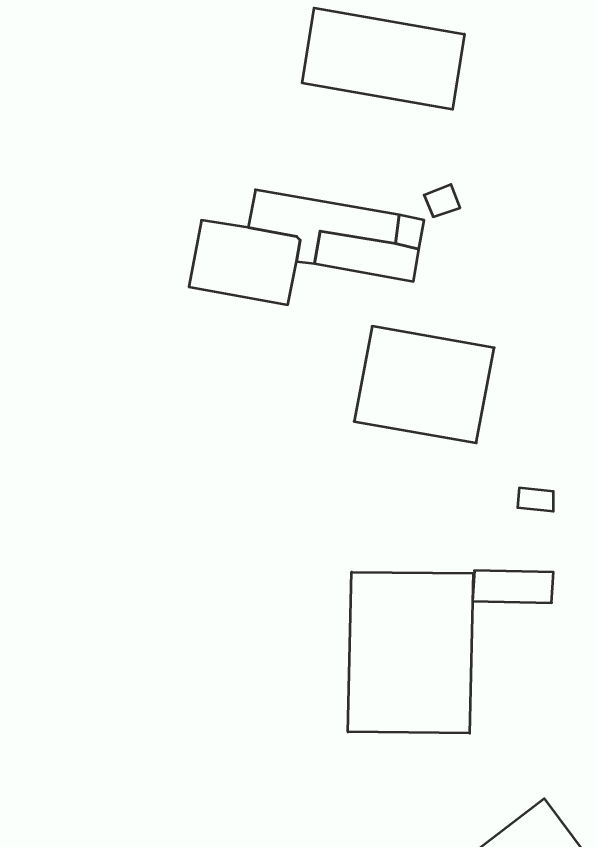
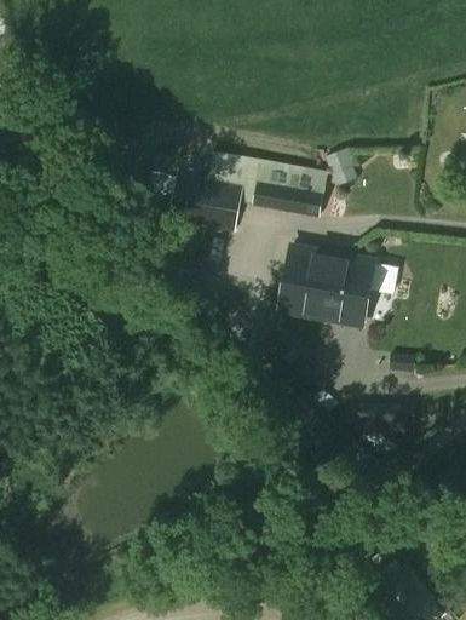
building: [302,8,464,109] -> none
building: [348,572,473,733] -> none

